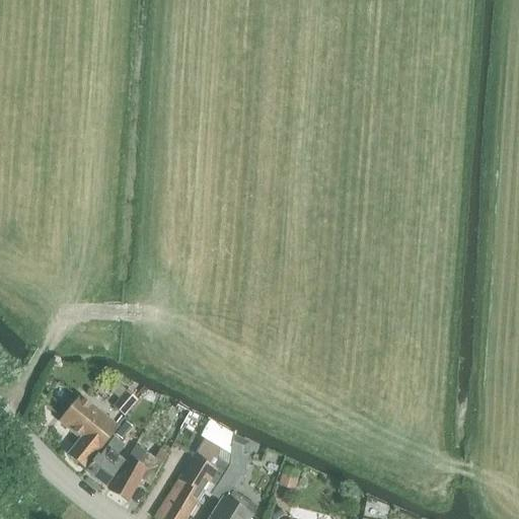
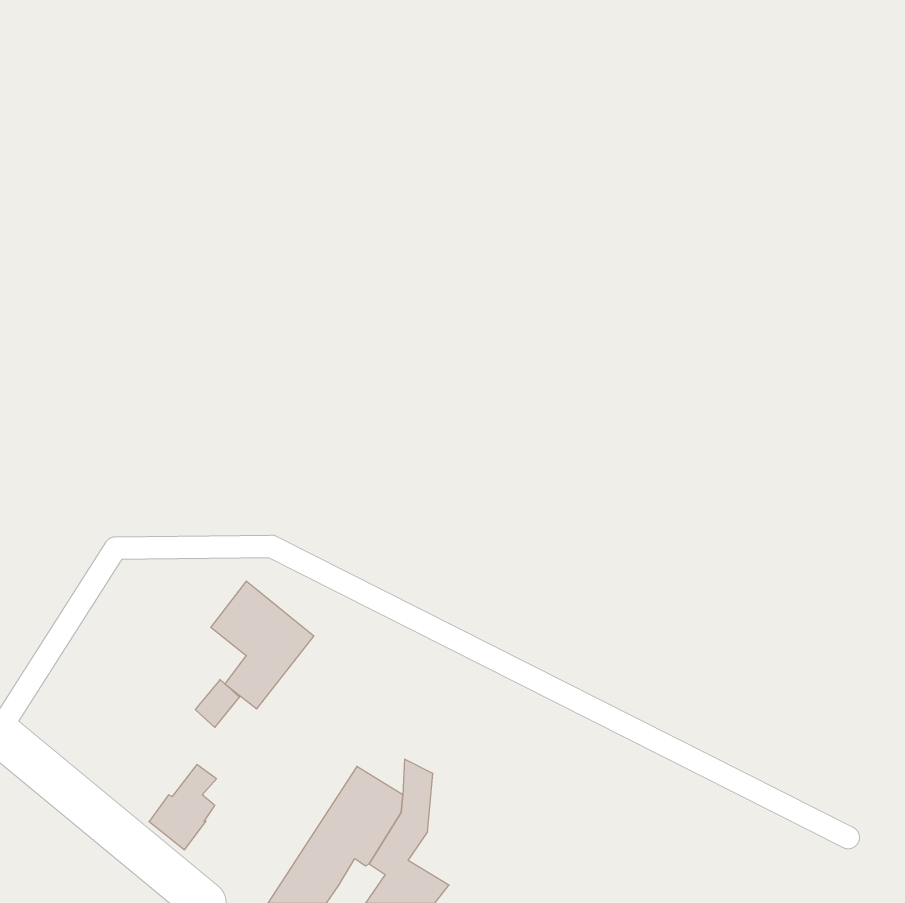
building: [60,394,119,467] -> [211,581,314,709]
building: [109,445,162,501] -> none

